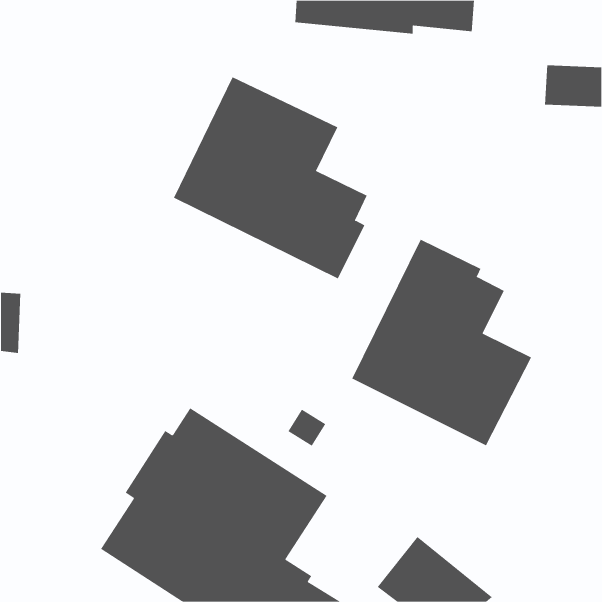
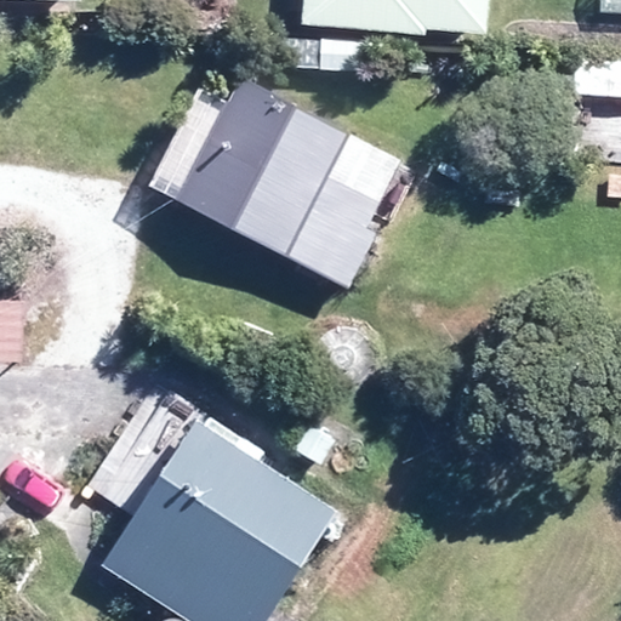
building: [351,239,532,446] -> none

